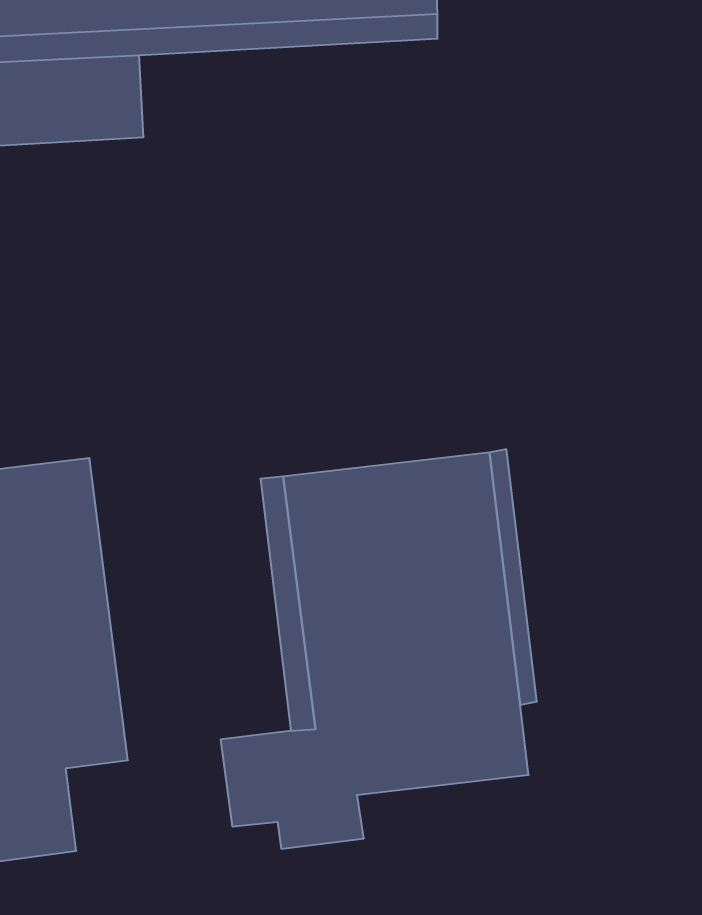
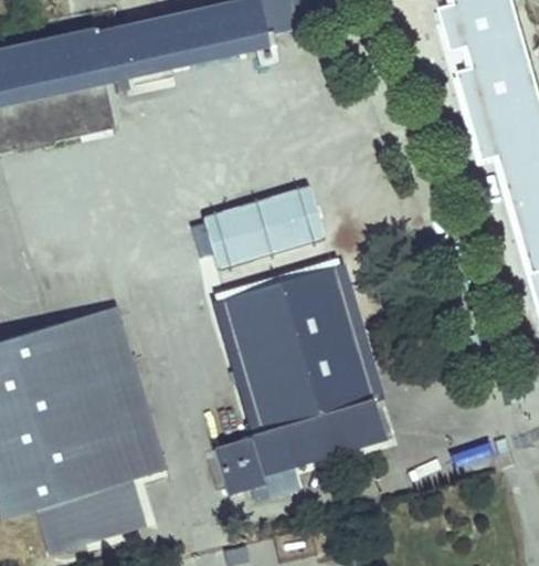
building: none -> [203,186,325,269]

